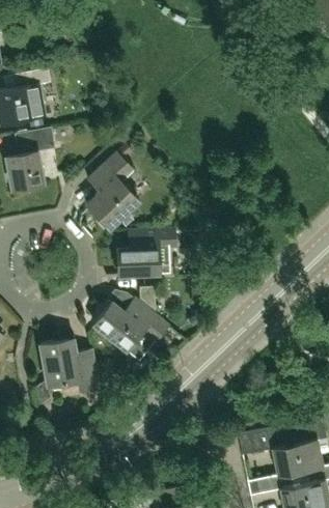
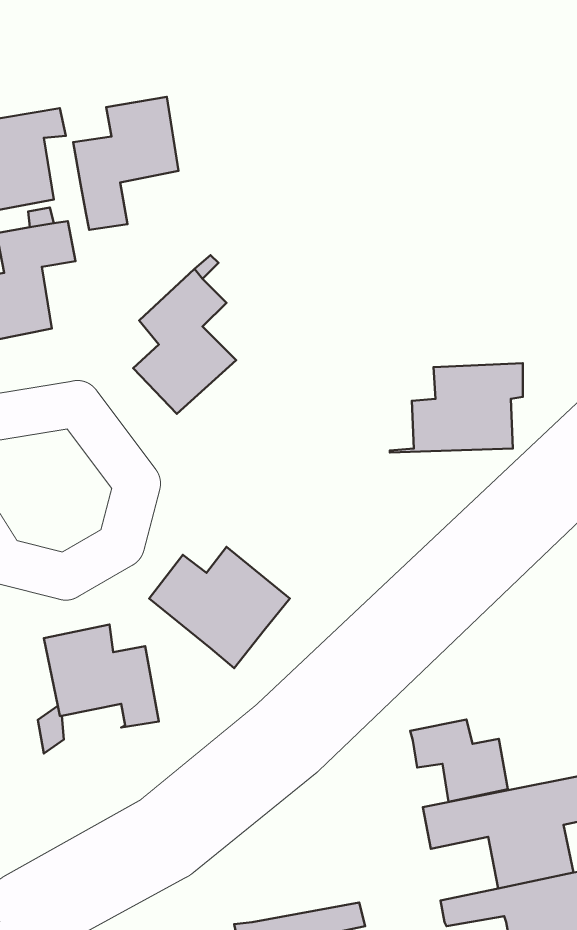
building: none -> [73,97,178,230]
building: [105,230,174,277] -> [390,363,523,452]
building: none -> [410,720,508,802]

